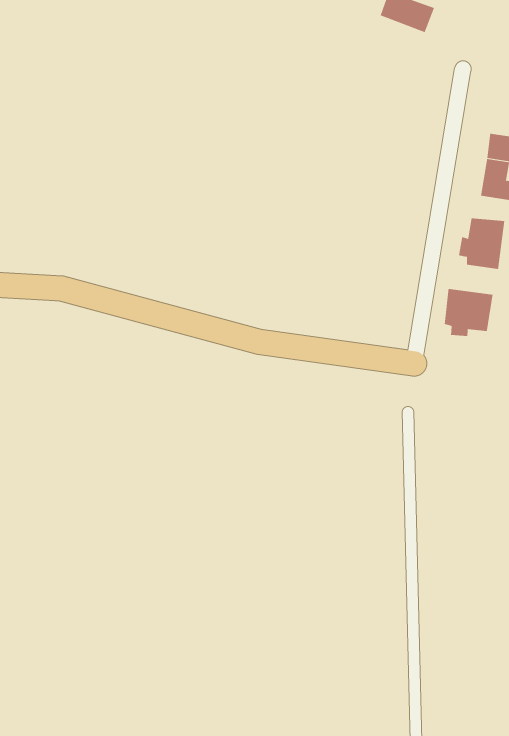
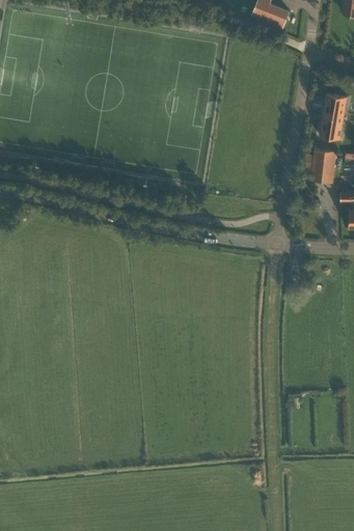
building: [444,288,493,337] -> none

